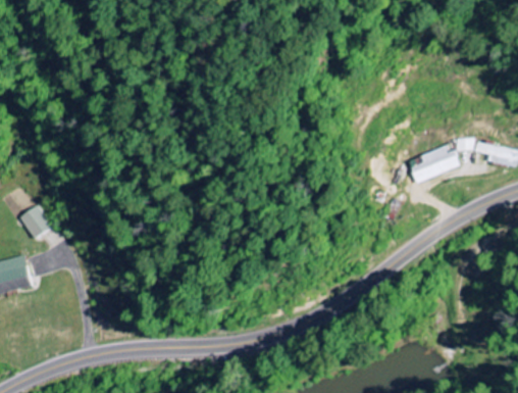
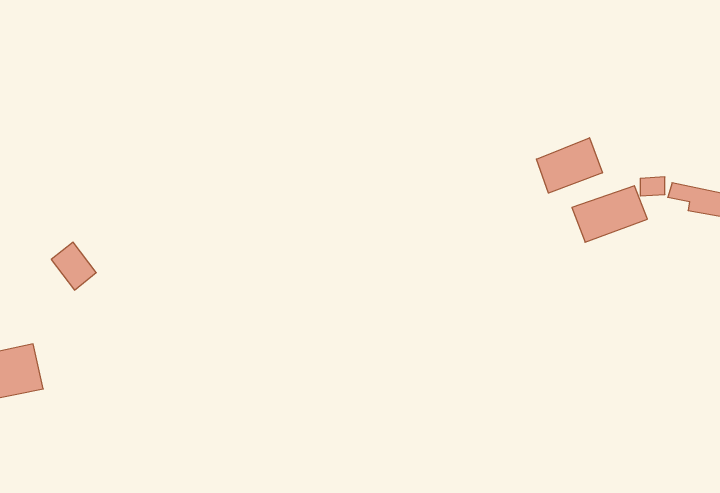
building: none -> [536,138,602,193]
building: [19,204,51,238] -> [51,242,96,290]

